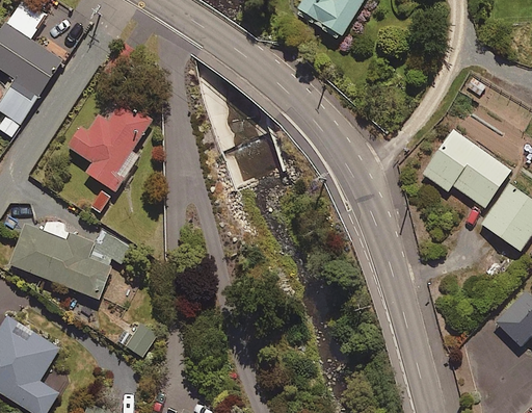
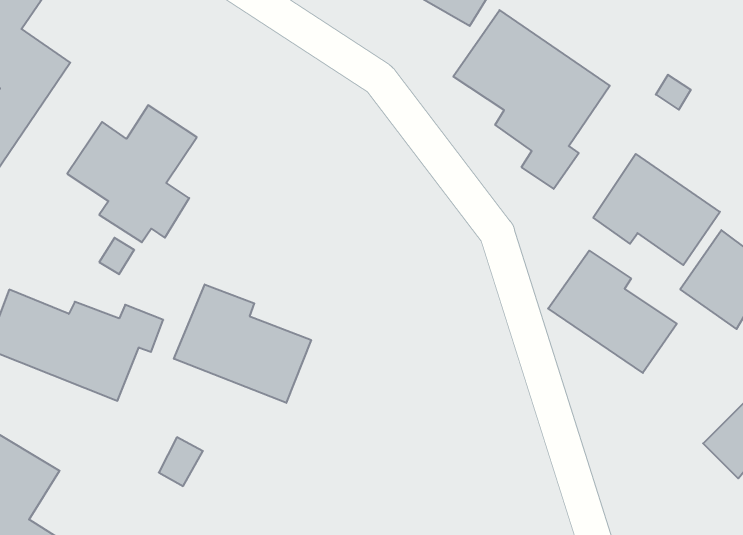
building: none -> [453,10,610,189]
building: none -> [548,251,677,373]
building: none -> [174,284,311,403]

